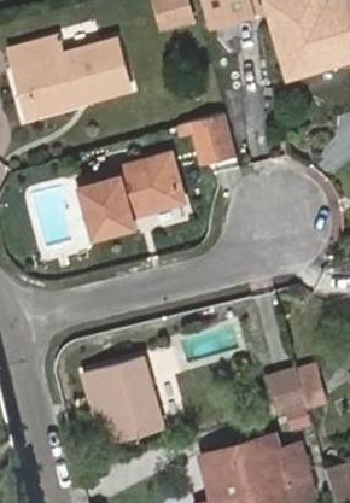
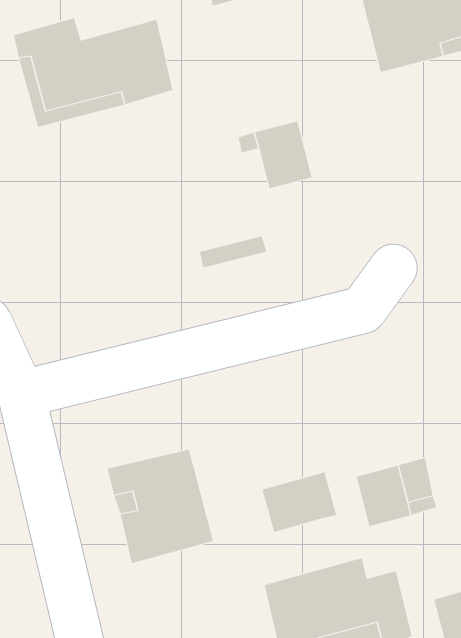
building: [76,152,183,235] -> none
building: none -> [262,472,337,533]

